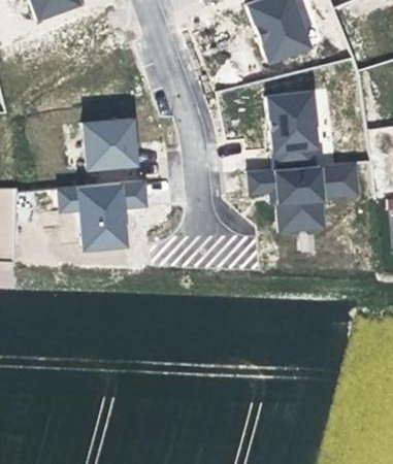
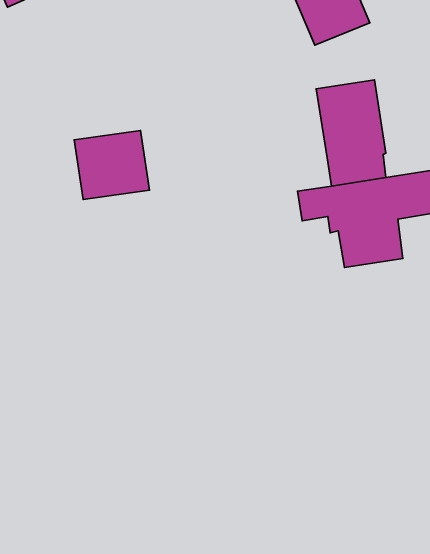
building: [59,180,146,248] -> none

